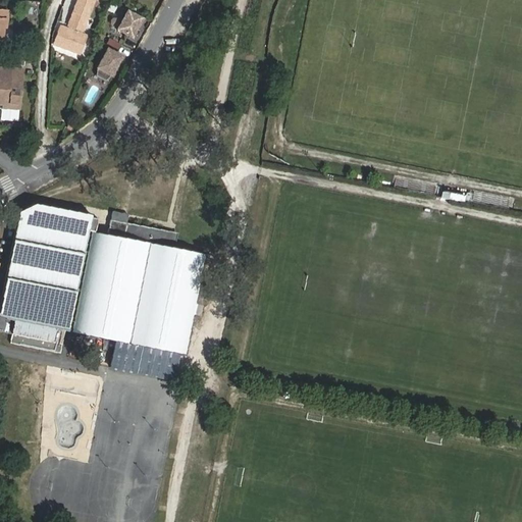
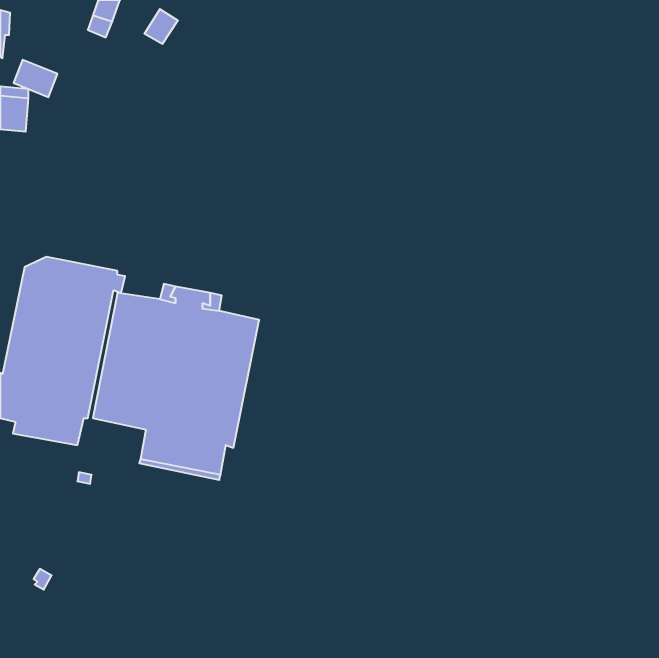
building: [54,25,89,55] -> [14,60,57,97]
building: [94,48,119,80] -> none

